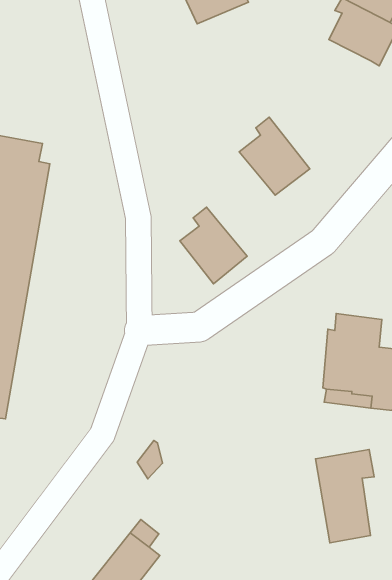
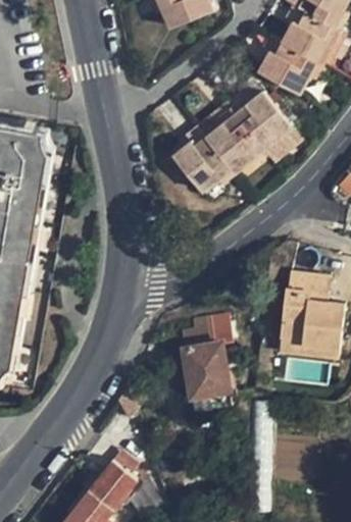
building: none -> [259,36,317,93]
building: none -> [231,91,294,152]
building: [180,207,247,284] -> [173,126,231,192]
building: [315,449,374,543] -> [183,317,233,397]

